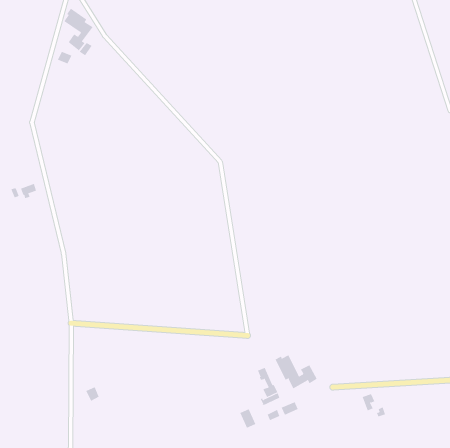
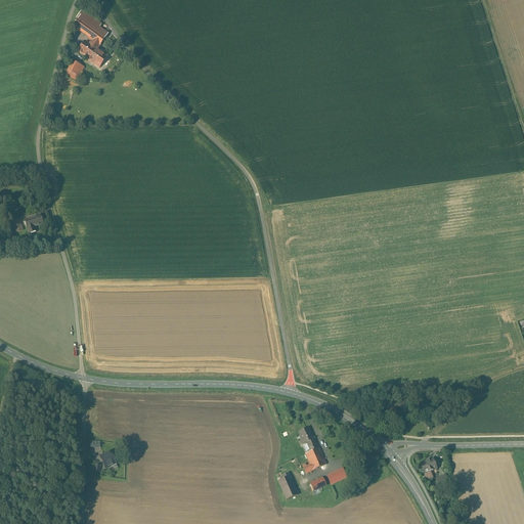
building: [275,354,318,389] -> none

